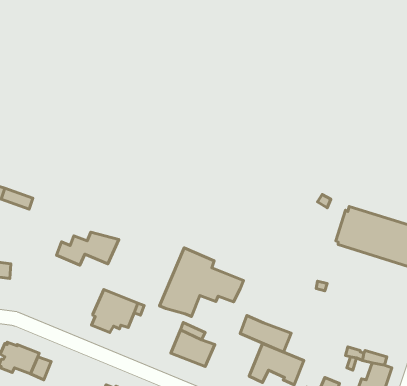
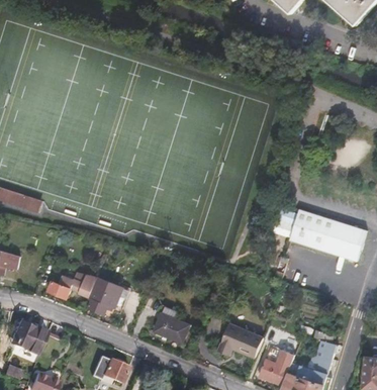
building: [57,232,119,265] -> [48,272,99,299]
building: [160,248,244,316] -> none
building: [240,315,291,352] -> none

